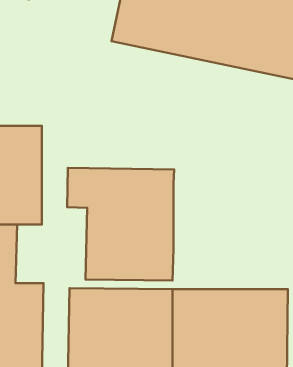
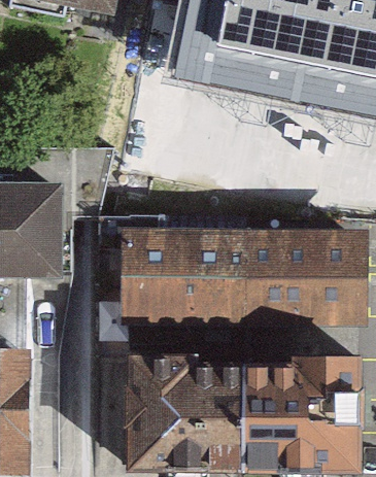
building: none -> [233,238,369,316]

